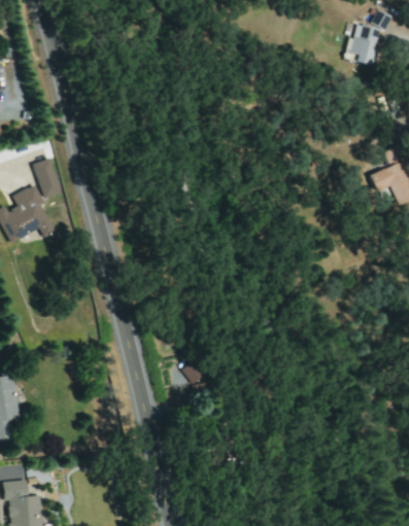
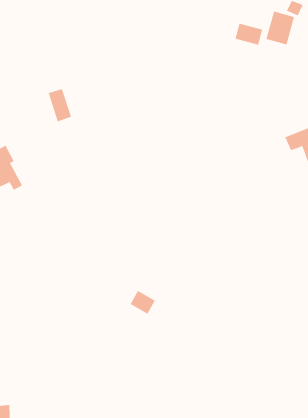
building: none -> [235,23,263,45]
building: [32,159,61,199] -> [48,89,72,122]

